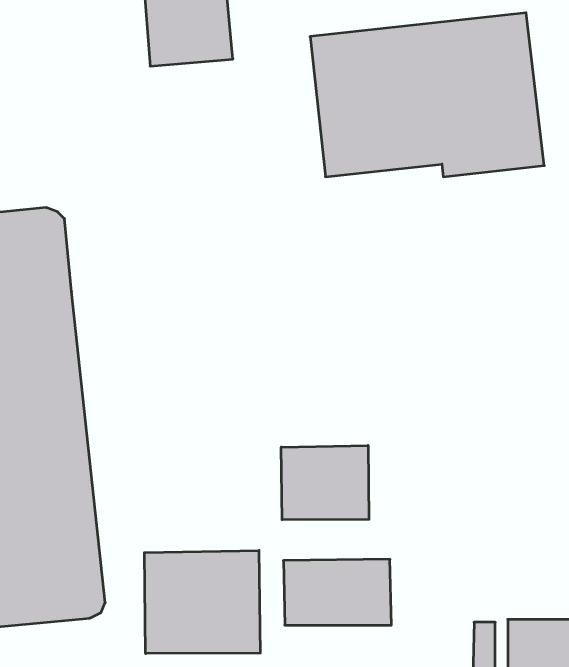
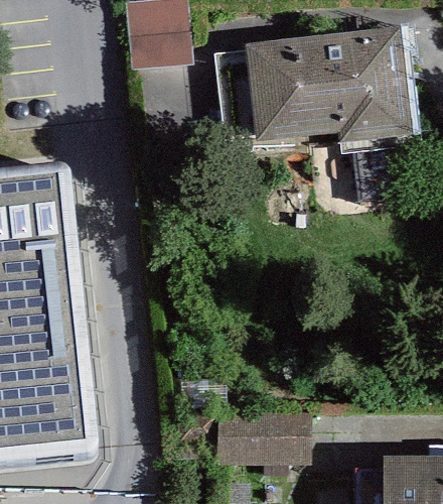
building: [281,445,369,520] -> none
building: [144,550,260,654] -> none

